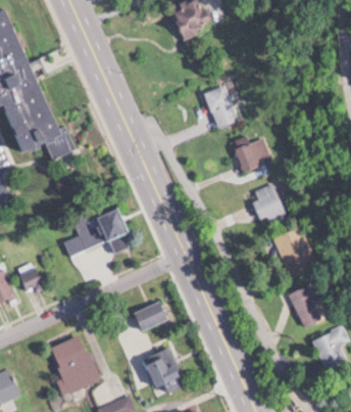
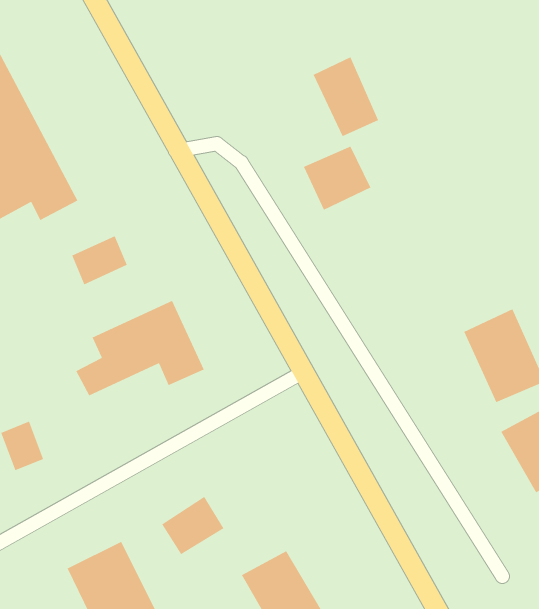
building: [235,139,270,173] -> [303,145,371,211]
building: none -> [71,235,128,286]
building: [253,184,286,226] -> none
building: [134,301,167,331] -> [161,496,224,555]

